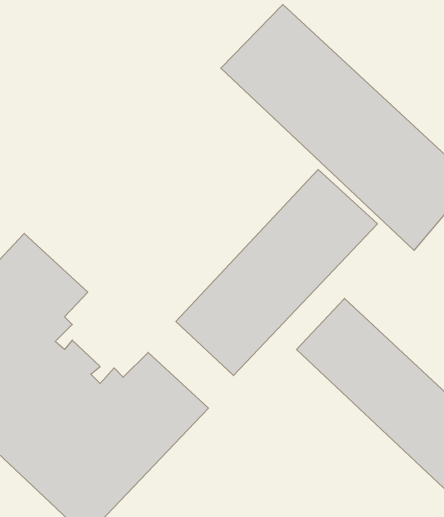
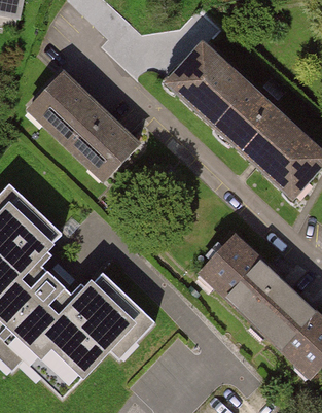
building: none -> [23,73,137,185]
building: [176,170,377,376] -> none

